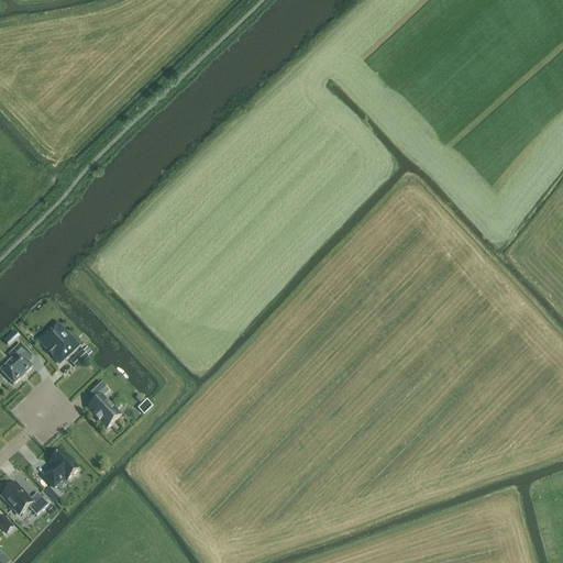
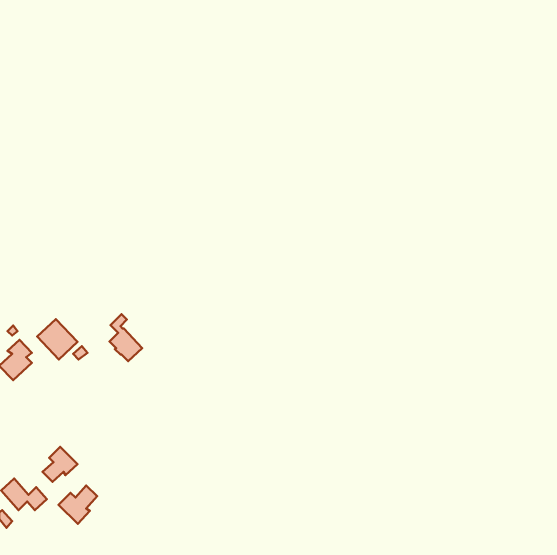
building: [87,379,120,427] -> [109,314,142,361]
building: none -> [59,485,97,524]

